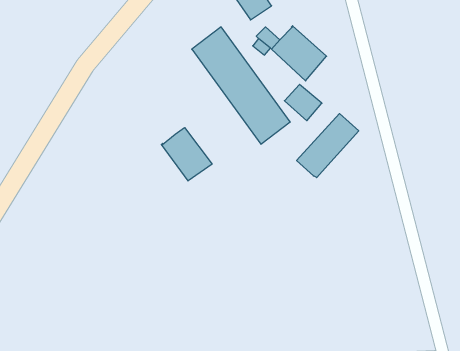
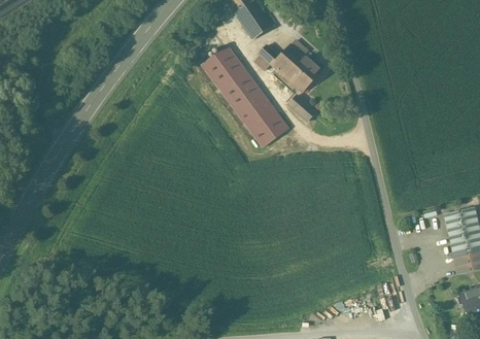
building: [297,114,359,178] -> none
building: [161,128,212,181] -> none

